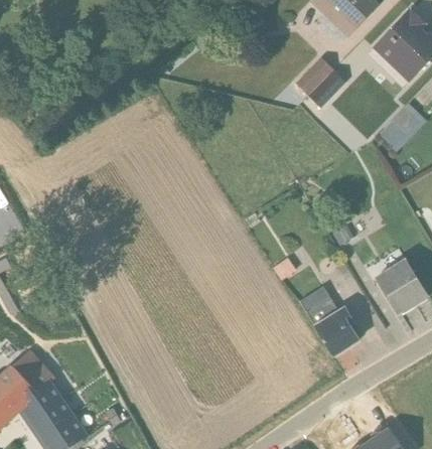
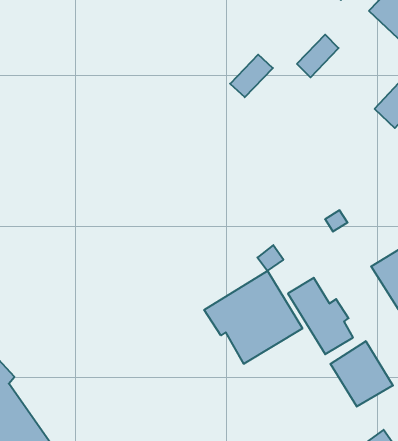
building: [295,56,333,95] -> [230,55,273,97]
building: none -> [204,271,302,364]
building: none -> [330,341,393,407]

